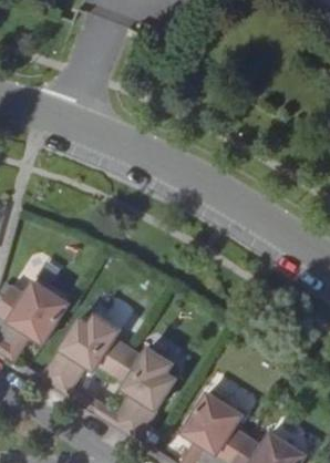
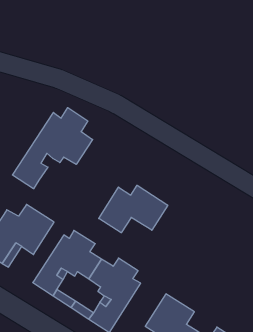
building: none -> [12,108,93,189]
building: none -> [99,185,168,233]

